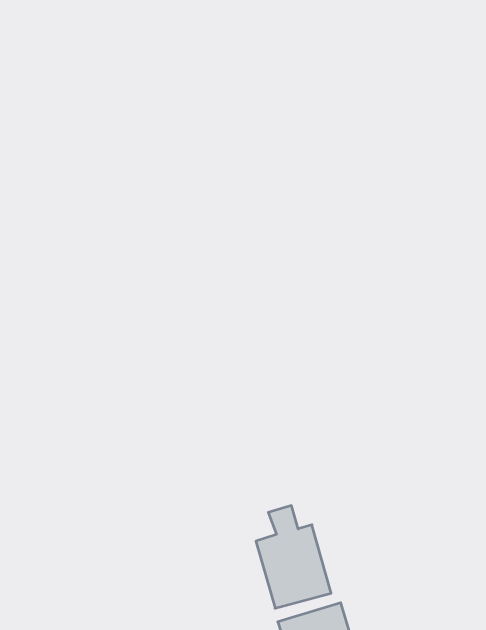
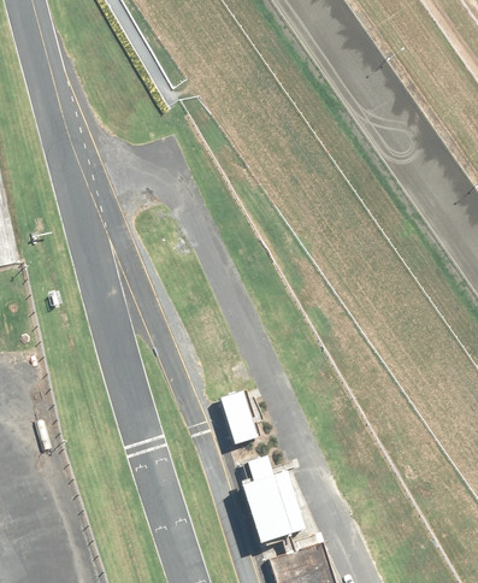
building: none -> [216,389,259,446]

